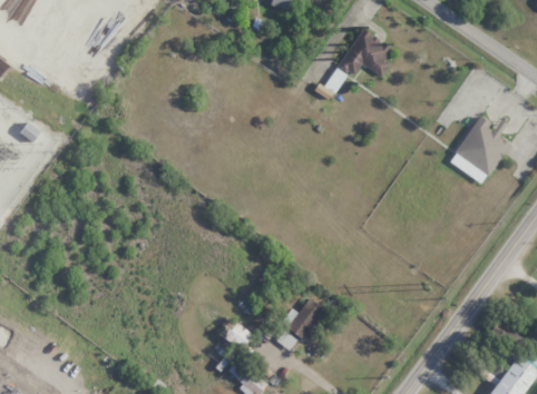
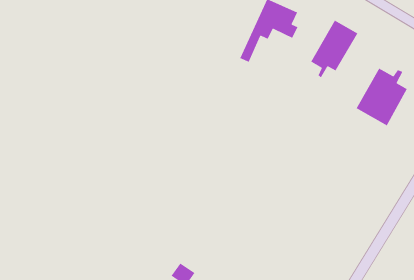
building: none -> [310,20,359,79]
building: [287,298,324,339] -> none

